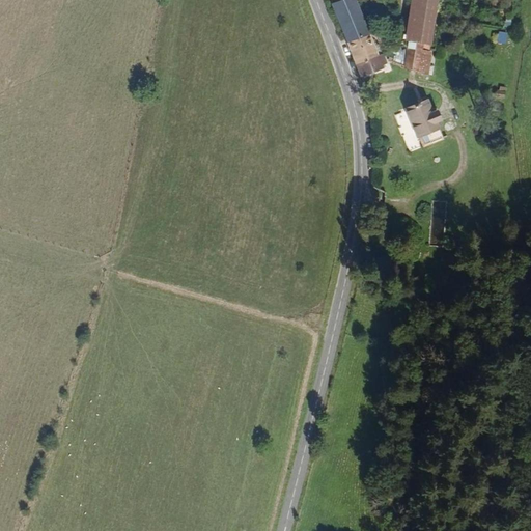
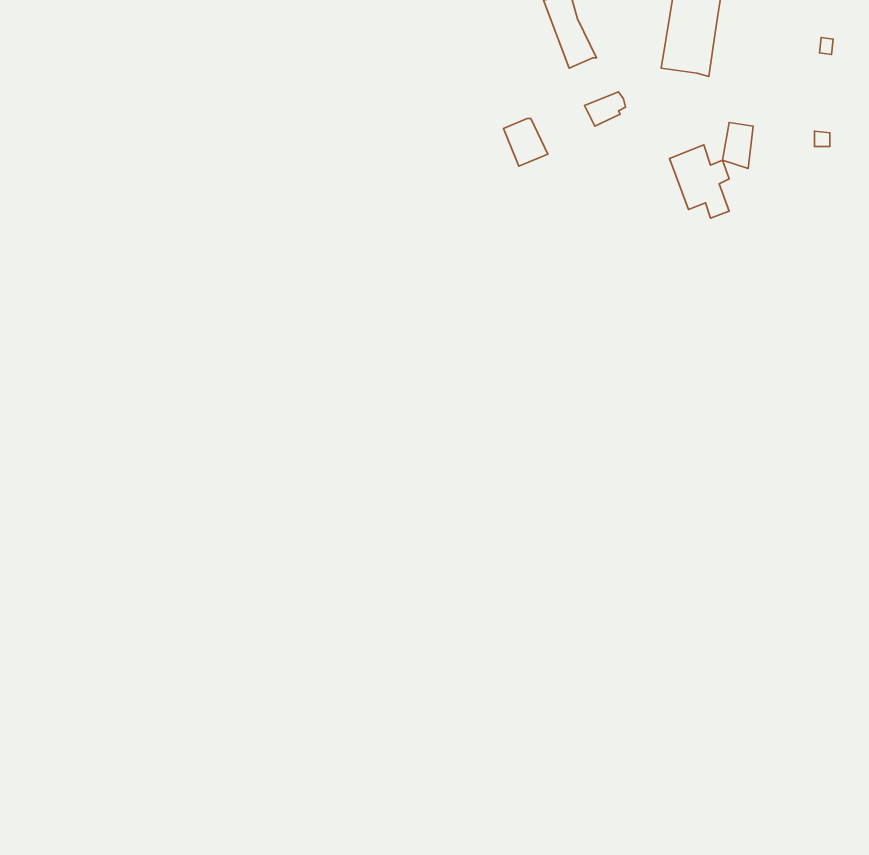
building: [347,35,374,64] -> [503,118,548,166]
building: [406,47,424,75] -> [722,123,753,169]

